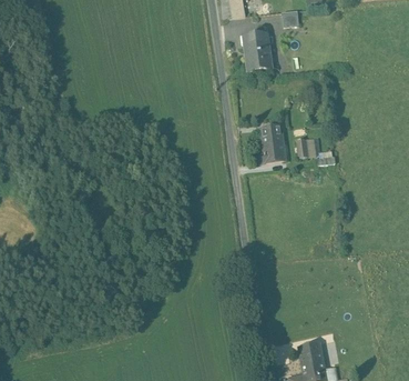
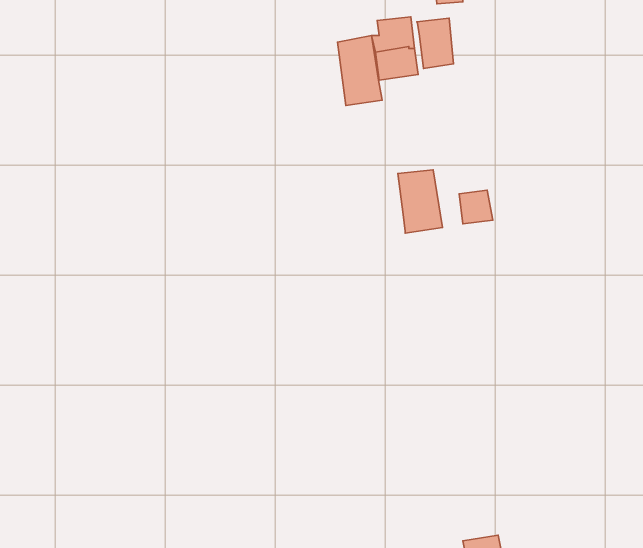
building: none -> [417,18,454,69]
building: none -> [337,35,382,105]

